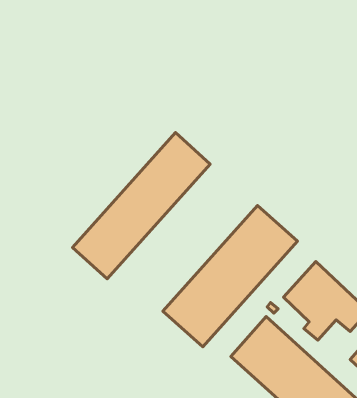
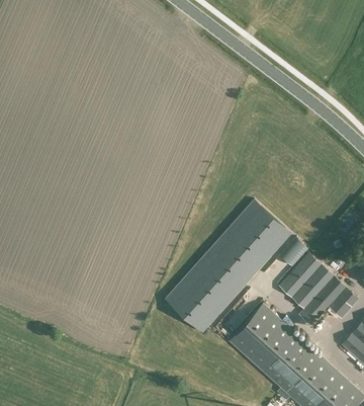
building: [73,133,210,279] -> none

